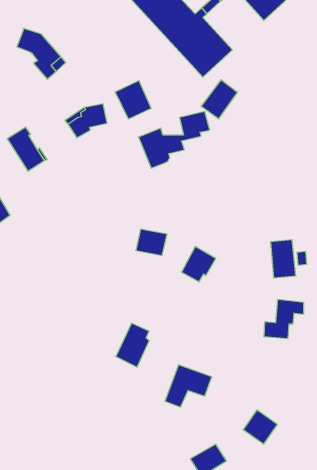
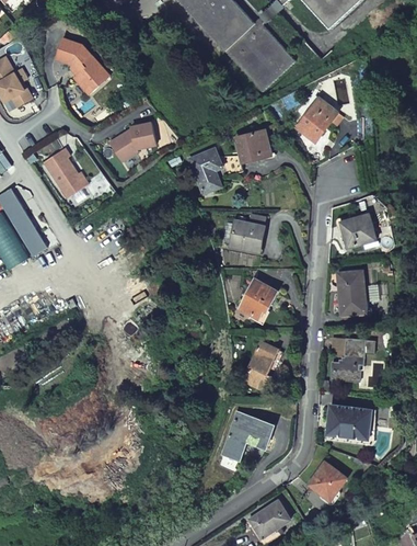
building: [201,80,237,119] -> [296,98,336,141]
building: [115,81,151,119] -> none
building: none -> [337,215,373,248]
building: [136,229,167,256] -> [229,223,264,252]
building: [116,323,149,367] -> [239,342,276,391]
building: none -> [326,406,372,439]

